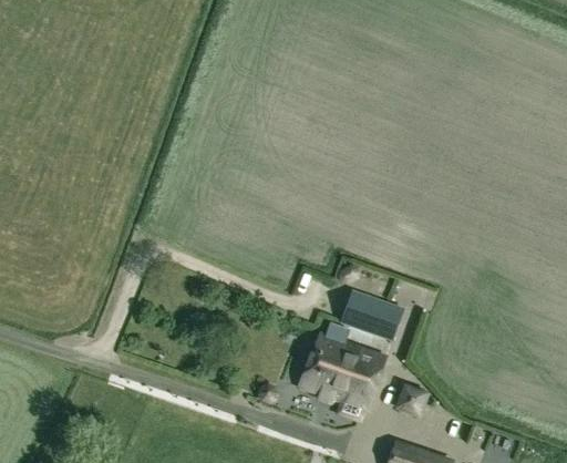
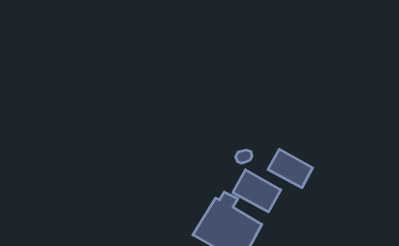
building: none -> [268,149,313,188]

